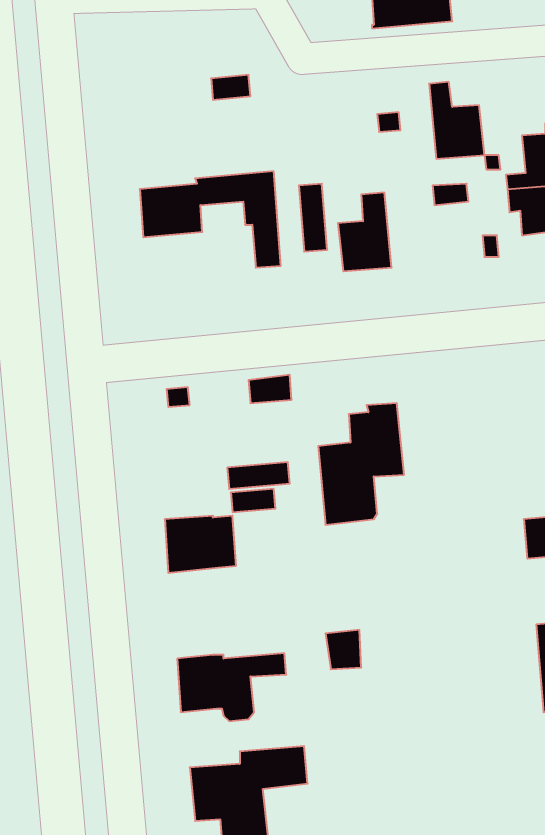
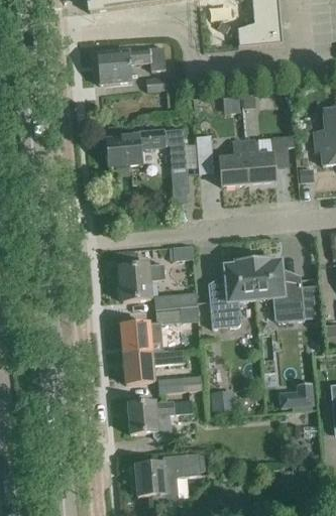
building: none -> [97,45,165,83]
building: [429,82,484,159] -> [245,139,276,182]
building: none -> [252,257,305,321]
building: none -> [120,263,165,300]
building: none -> [123,349,184,383]
building: none -> [161,374,204,392]
building: none -> [279,379,312,405]

